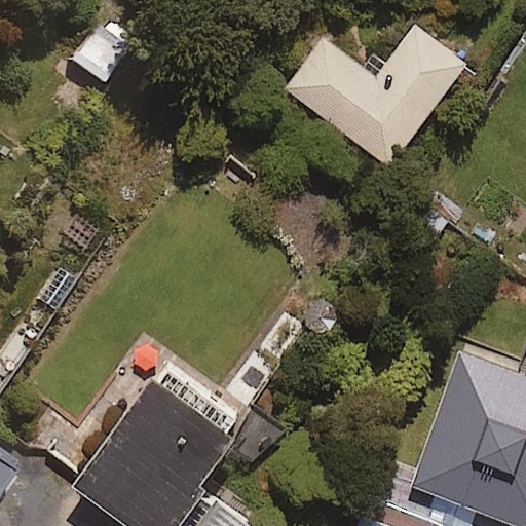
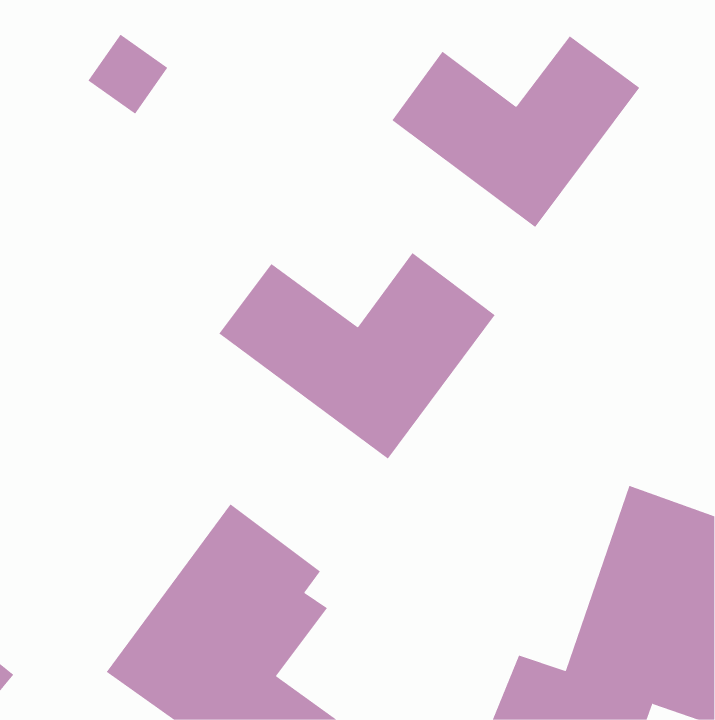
building: none -> [218,252,495,460]

